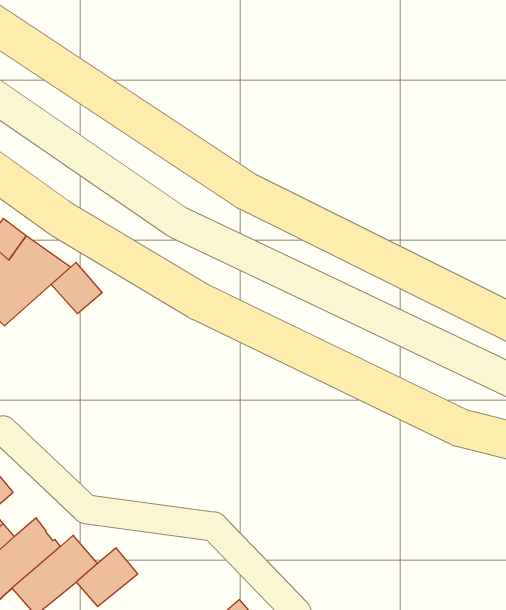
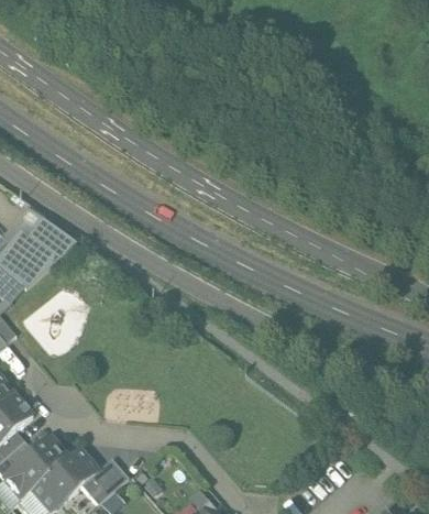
building: [51,262,102,314] -> none

